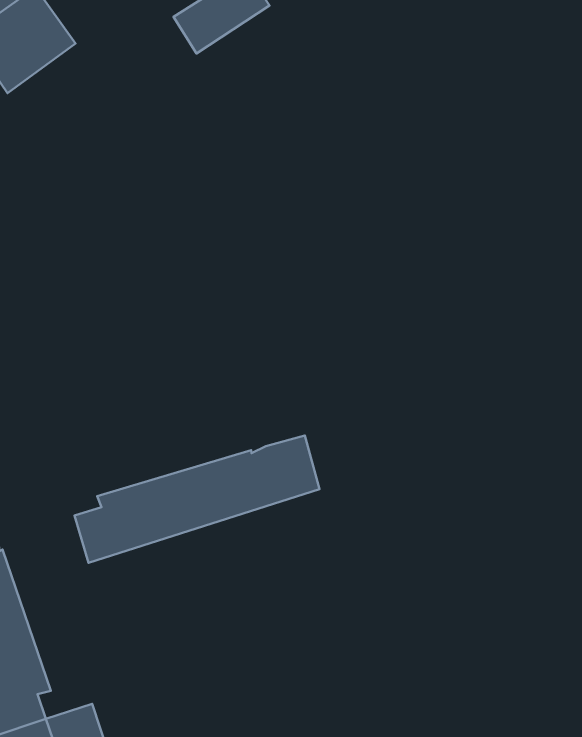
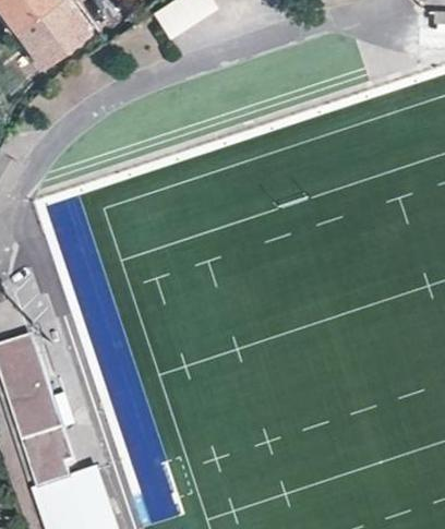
building: [74,436,320,563] -> none

